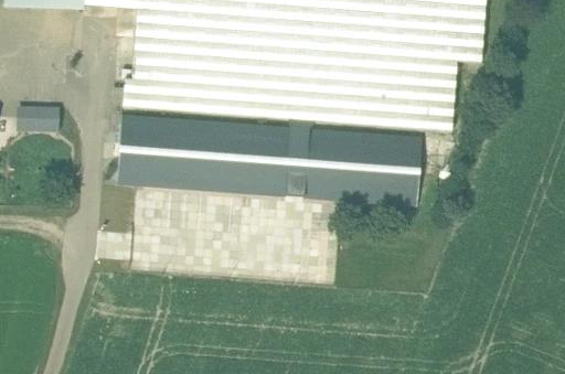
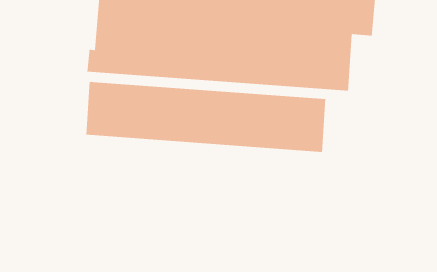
building: [18,108,61,136] -> none

